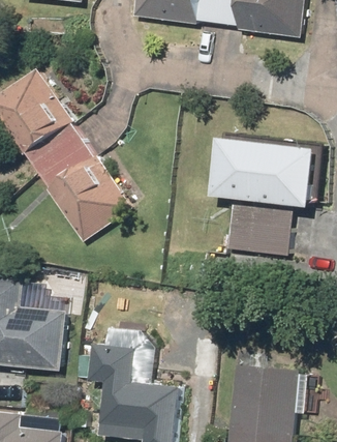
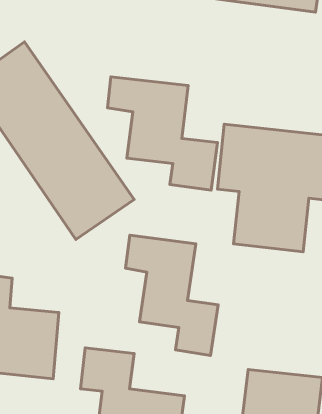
building: none -> [108,77,217,190]
building: none -> [125,235,218,356]

